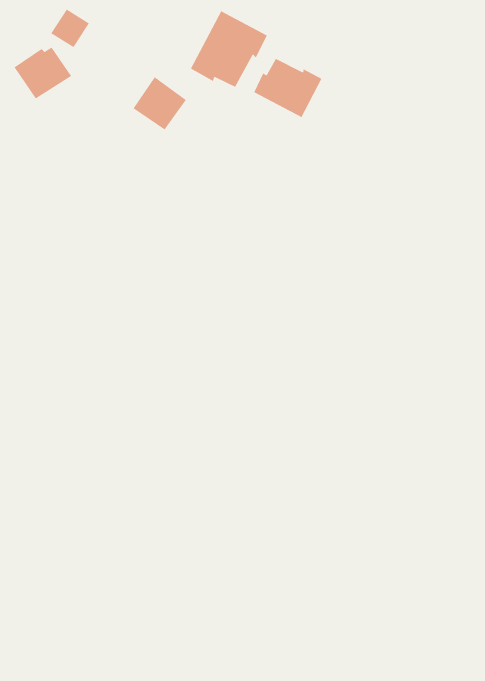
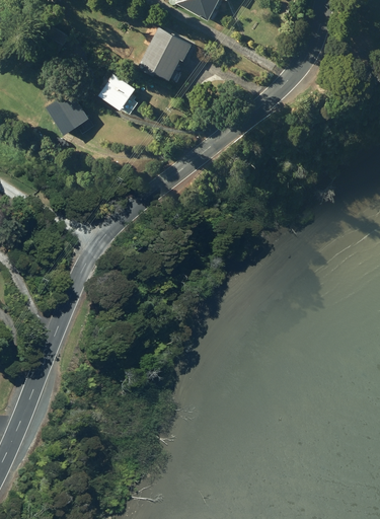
building: [13,47,72,100] -> [50,97,90,134]
building: [253,58,322,118] -> none

